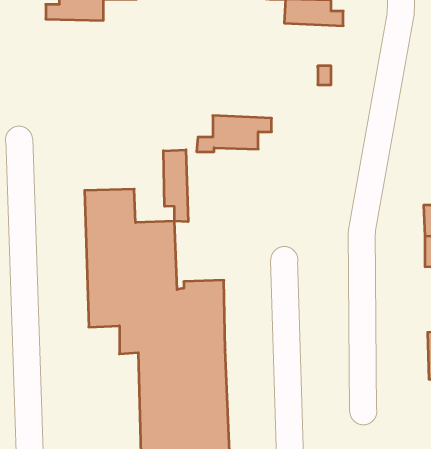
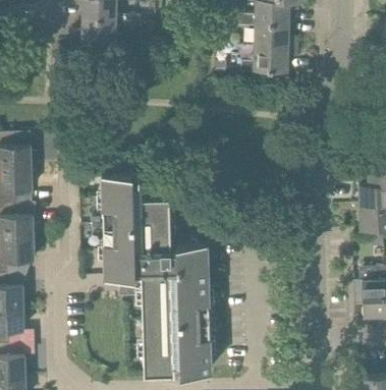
building: [197,116,272,152] -> [240,45,297,72]
building: [163,150,188,222] -> none

